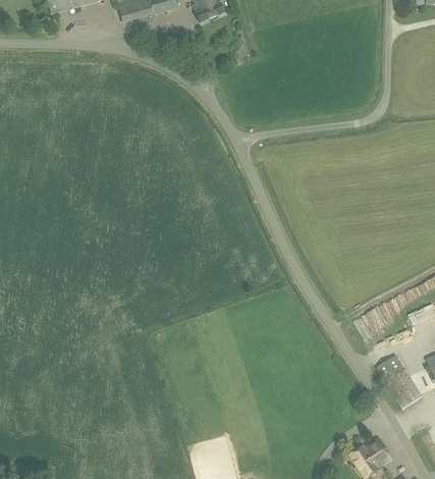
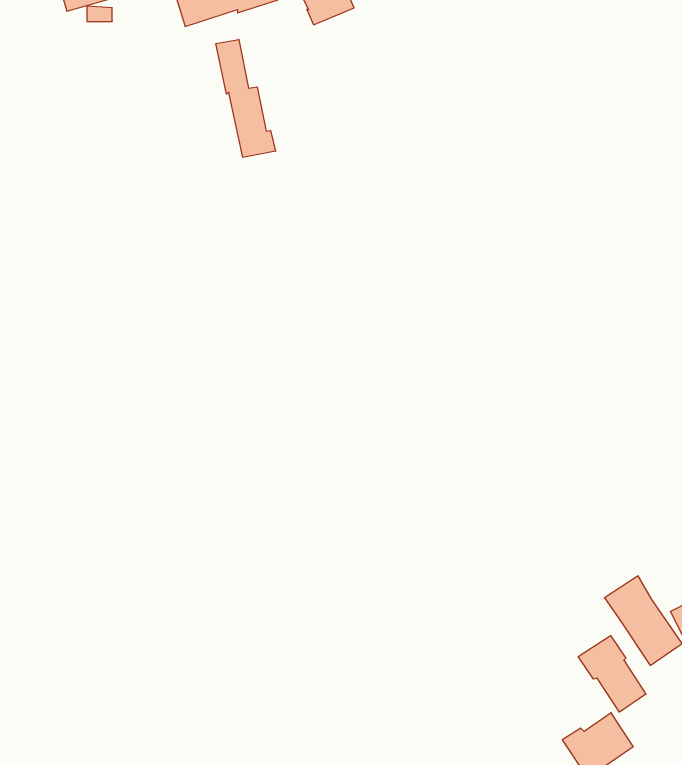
building: none -> [216,39,275,157]
building: none -> [578,636,646,712]

